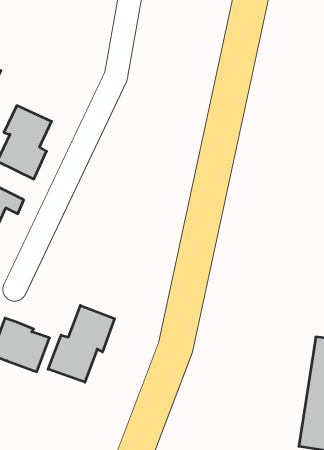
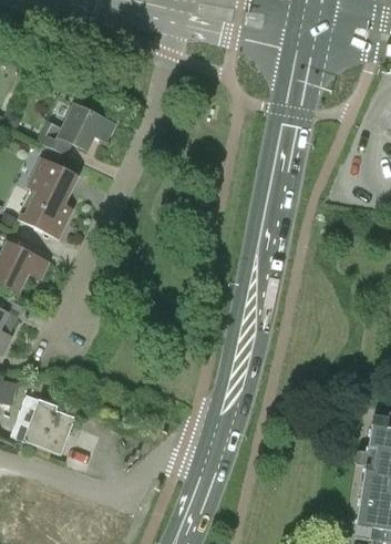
building: none -> [38,104,113,156]
building: [48,305,115,382] -> none

